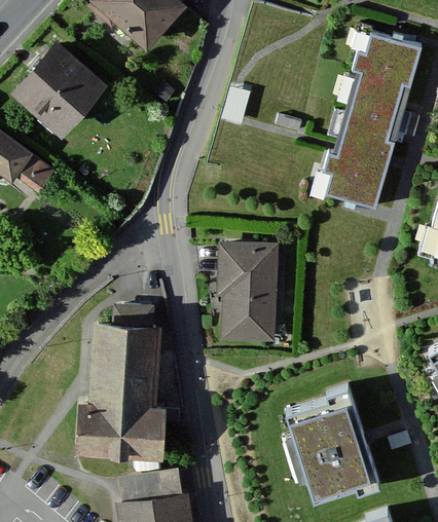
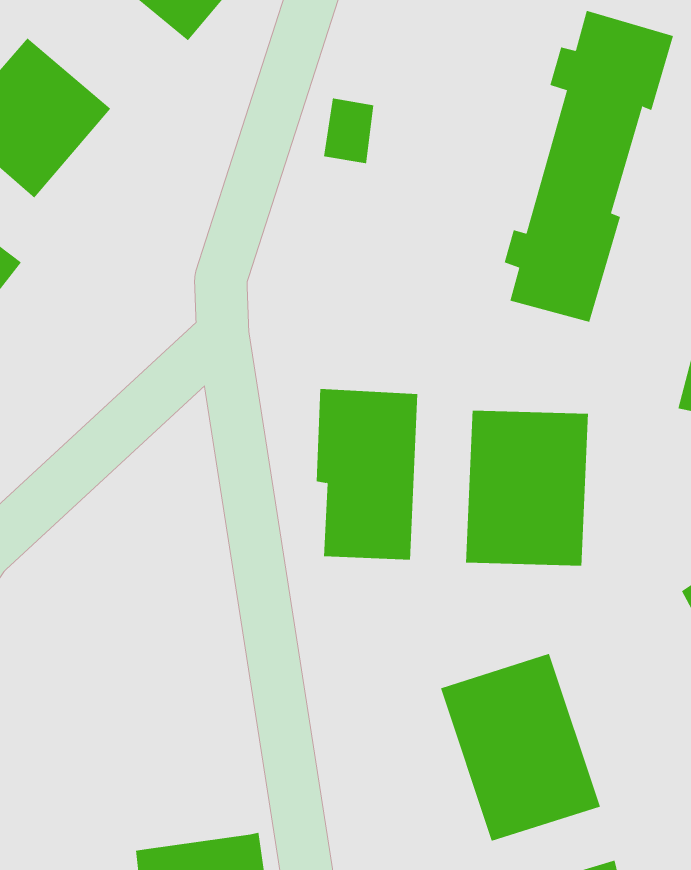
building: none -> [466,410,588,567]
building: [78,305,166,456] -> none
building: [119,470,182,502] -> none

